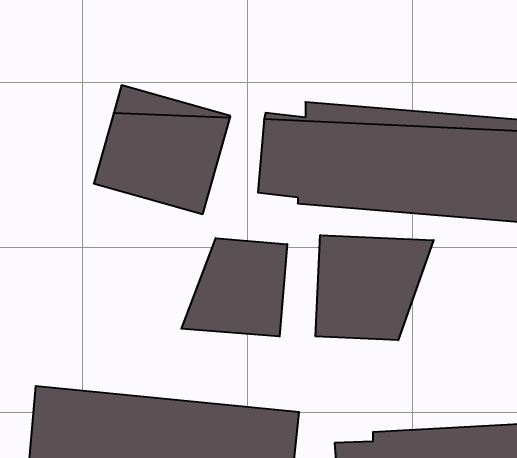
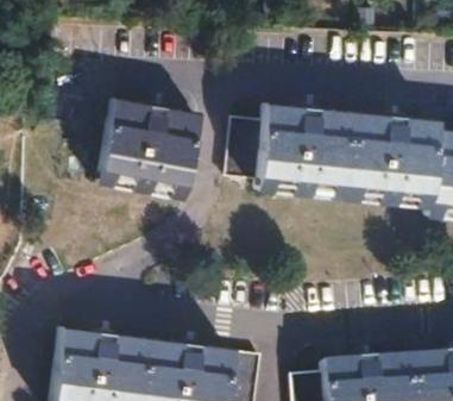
building: [316,235,434,340] -> none
building: [181,238,287,337] -> none

